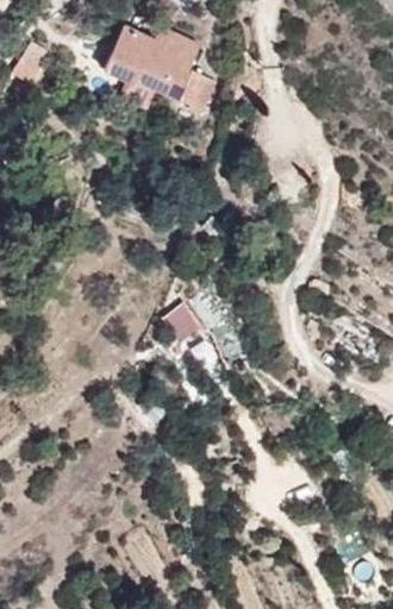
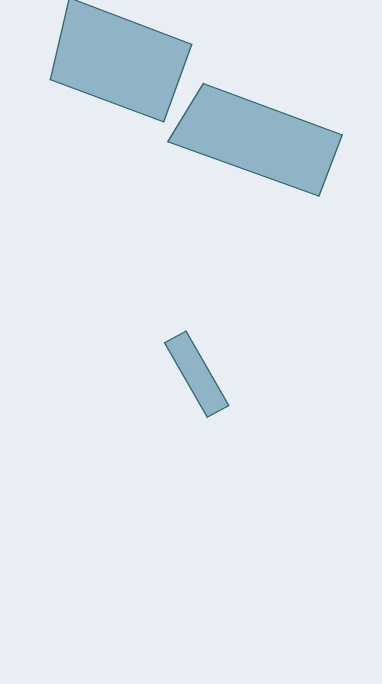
building: none -> [168,83,342,196]

